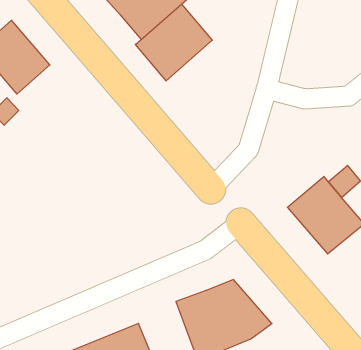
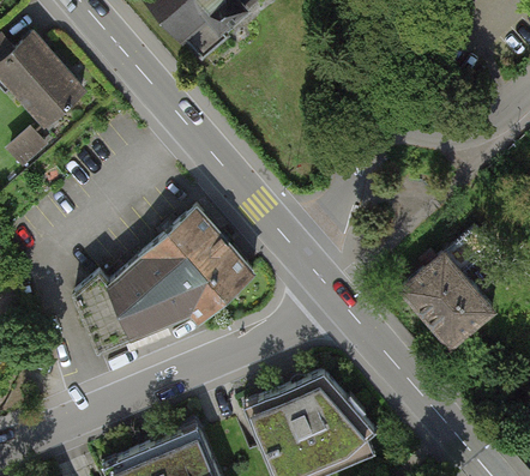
building: [135,4,212,81] -> none
building: none -> [76,206,253,349]

